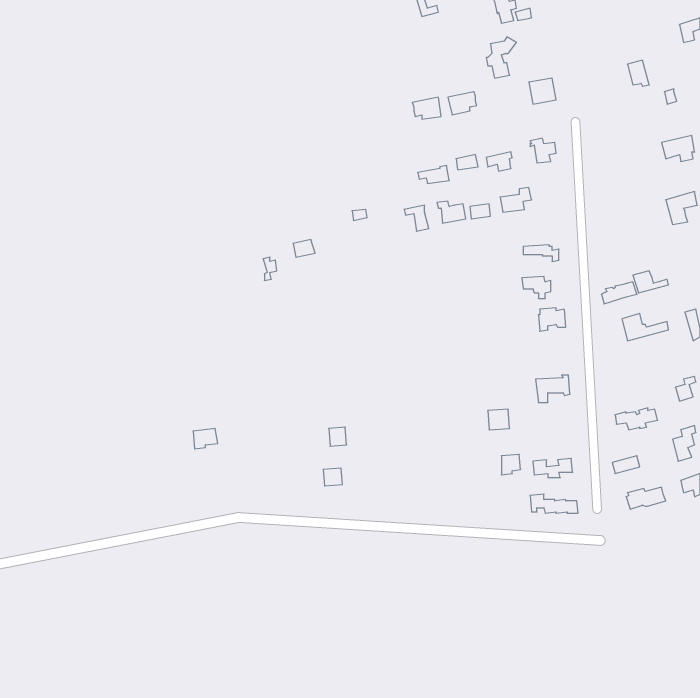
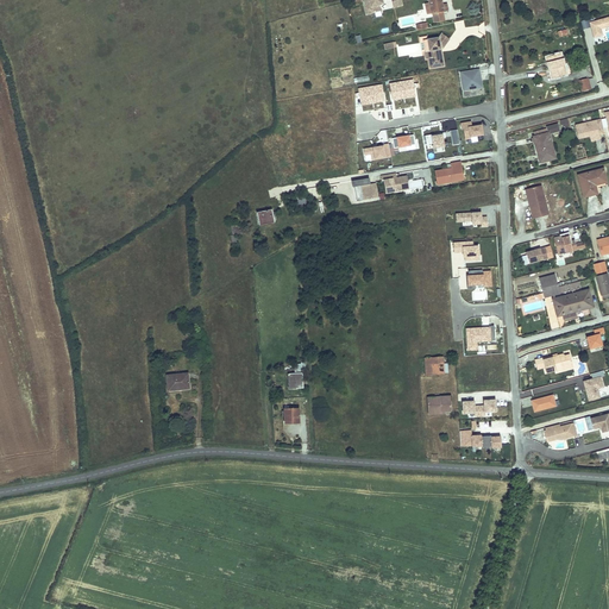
building: none -> [532,123,558,161]
building: none -> [526,183,550,218]
building: none -> [553,288,594,320]

